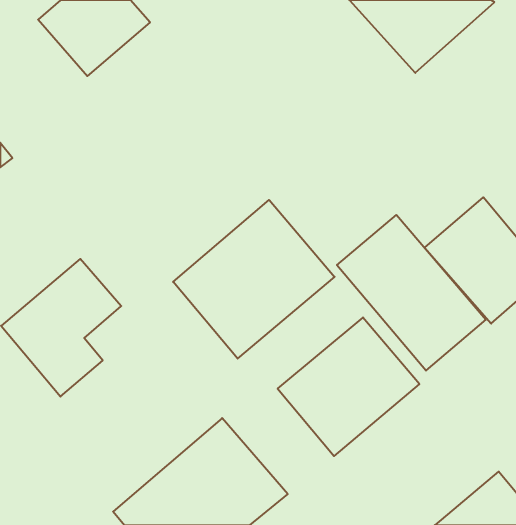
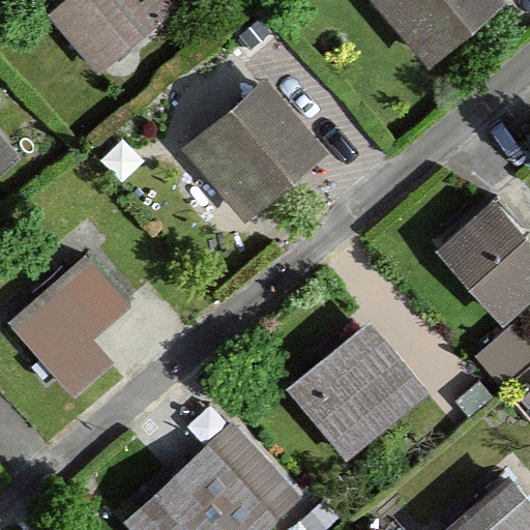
building: none -> [182,80,329,225]
building: [173,200,335,359] -> none
building: [337,215,486,371] -> none

